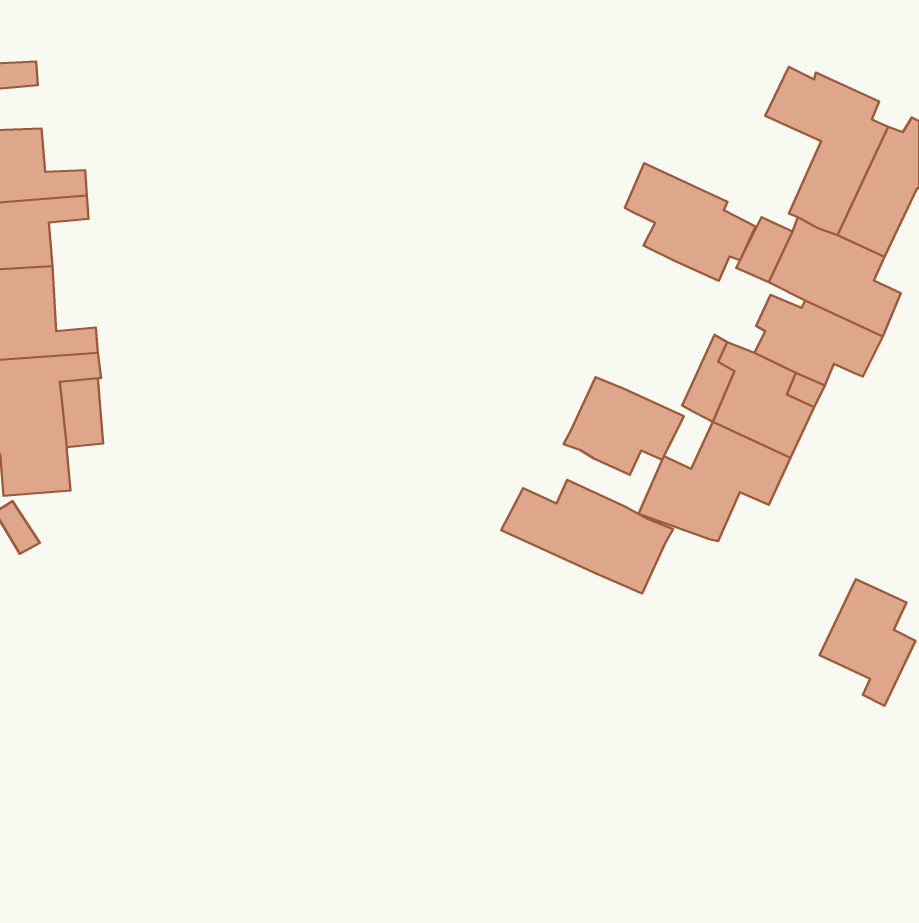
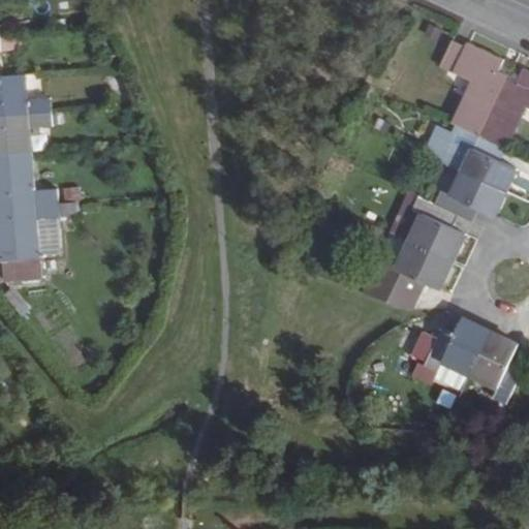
building: [625,163,756,281] -> none
building: [564,377,684,475] -> none
building: [501,480,673,594] -> none
building: none -> [423,319,489,392]

